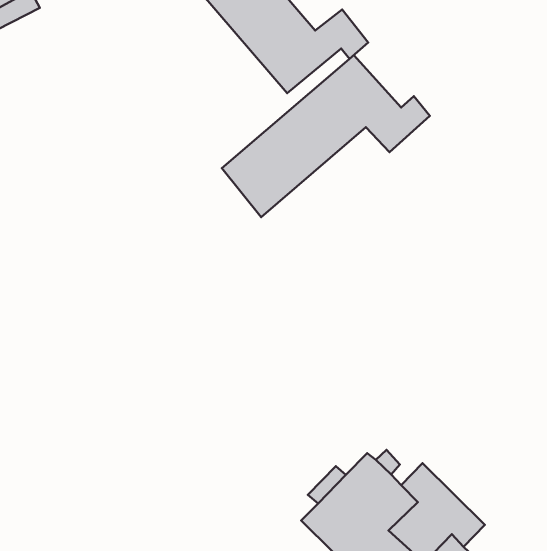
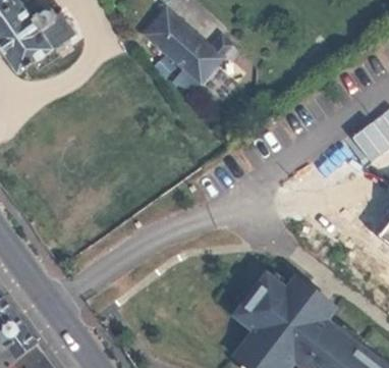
building: [222,55,430,217] -> none

